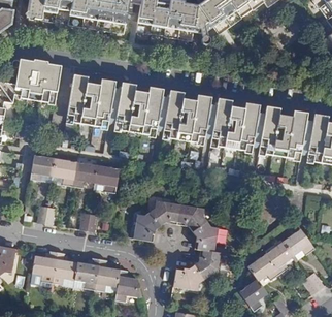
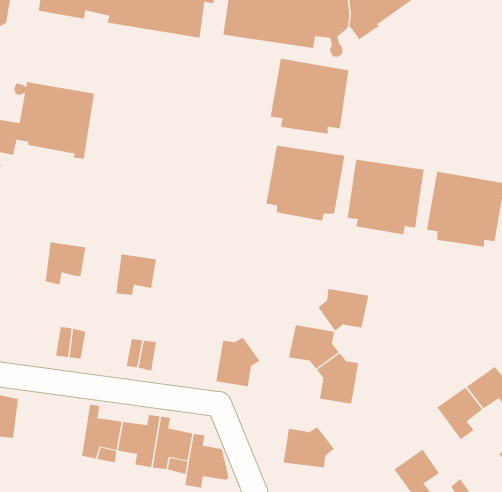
building: [67,80,114,126] -> none
building: [114,88,162,133] -> [270,58,349,134]
building: [53,157,76,185] -> none
building: [95,164,120,192] -> none
building: [150,199,180,225] -> [317,288,369,332]
building: [194,249,221,278] -> none
building: [31,250,58,283] -> none
building: [247,253,279,279] -> none

